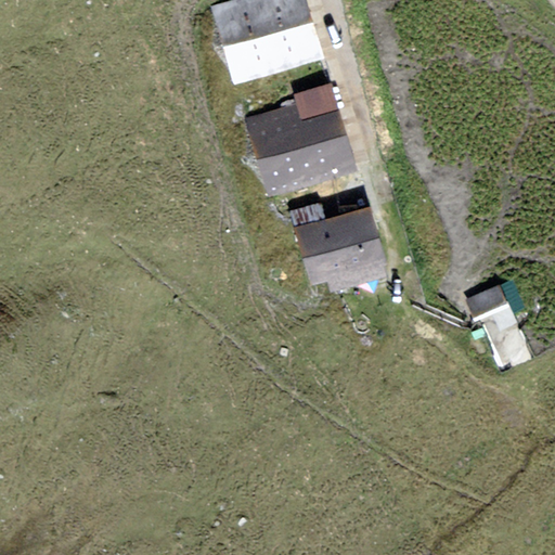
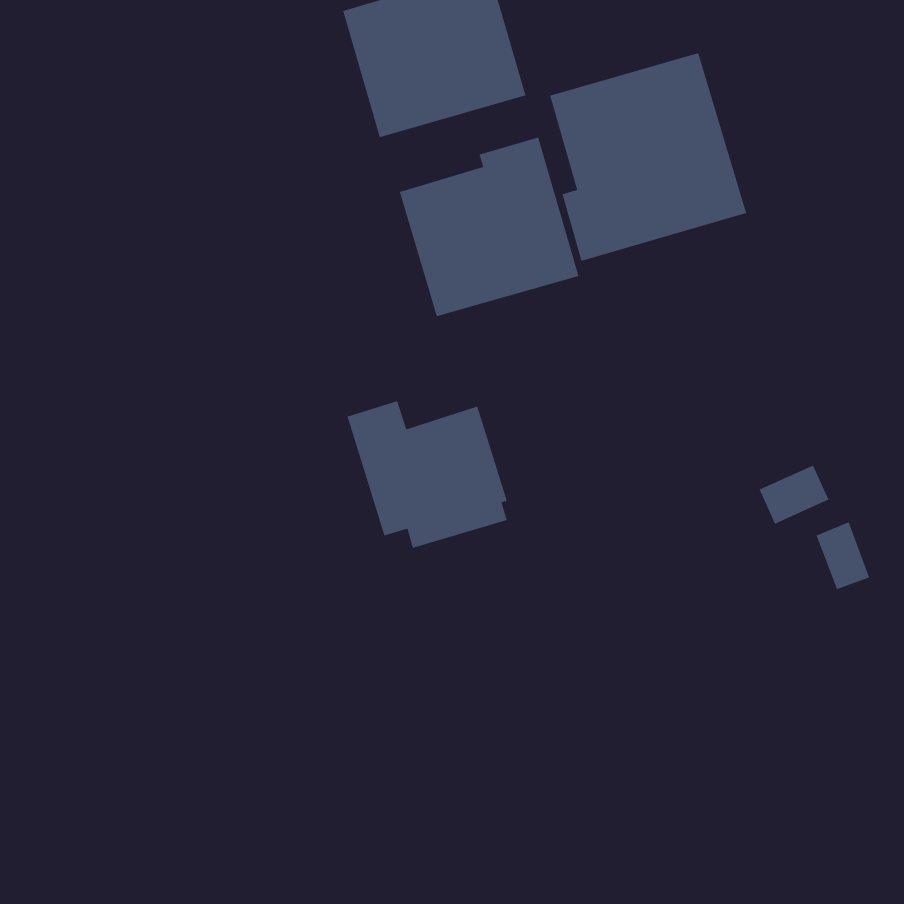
building: none -> [549,52,747,262]
building: [288,202,387,293] -> [347,400,508,549]

